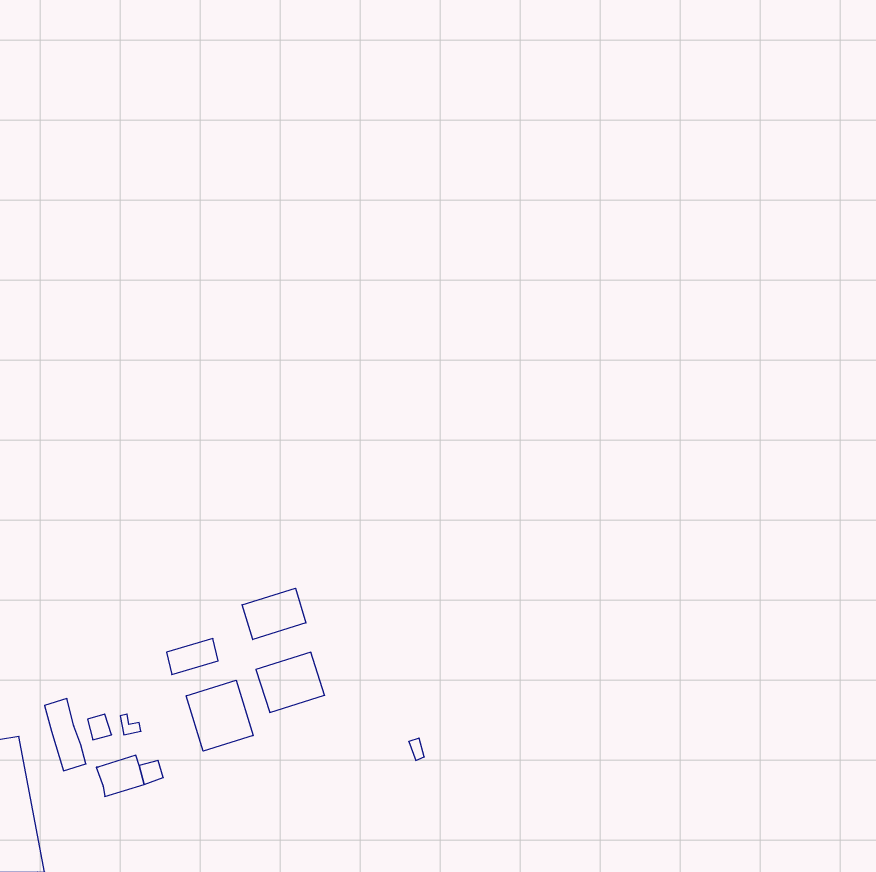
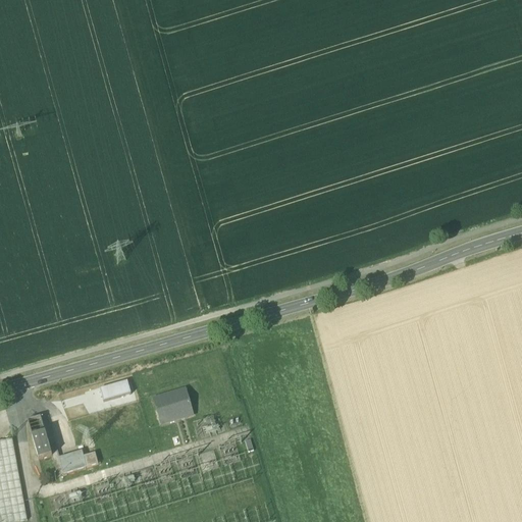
building: [242,588,306,640] -> none
building: [186,680,253,751] -> none

